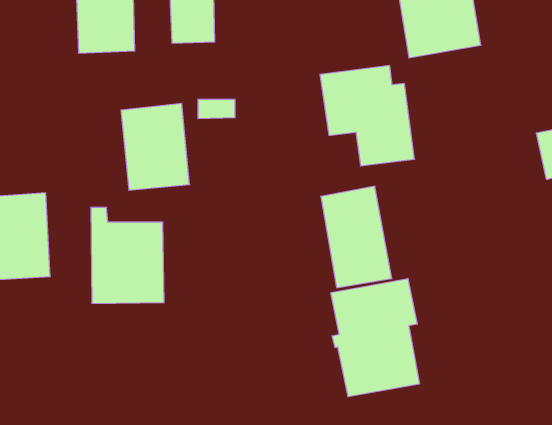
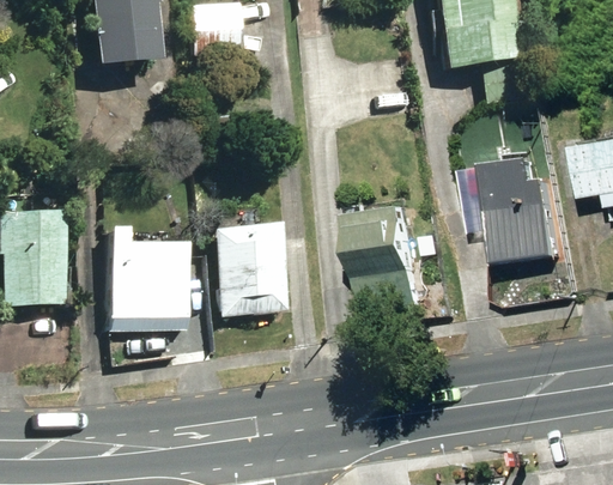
building: [320,66,415,166] -> [469,156,570,262]
building: [121,103,190,190] -> [214,223,287,315]
building: [331,278,420,397] -> none

